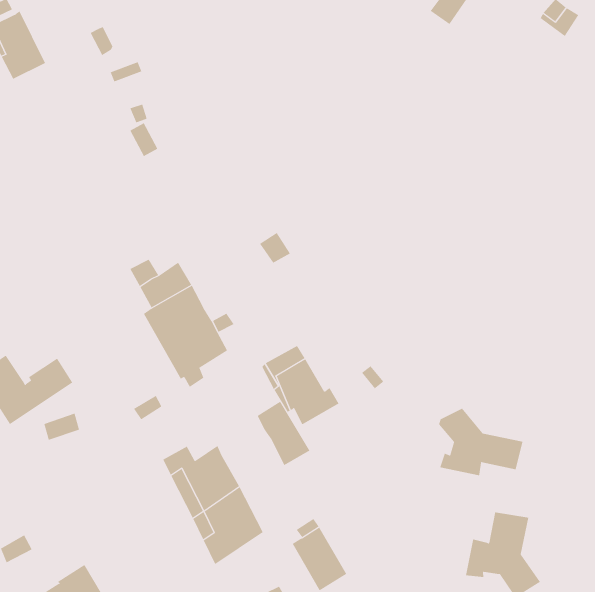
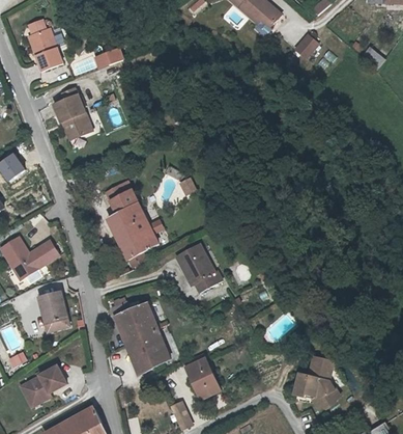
building: none -> [49,86,89,137]
building: [257,401,310,466] -> none
building: [439,408,523,476] -> none
building: none -> [41,295,71,334]

